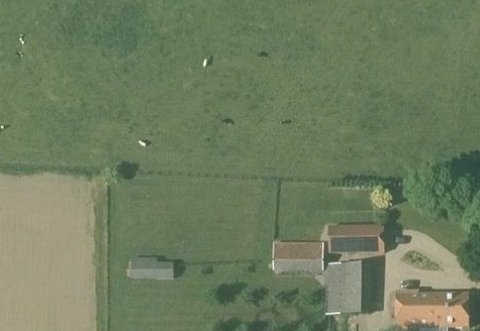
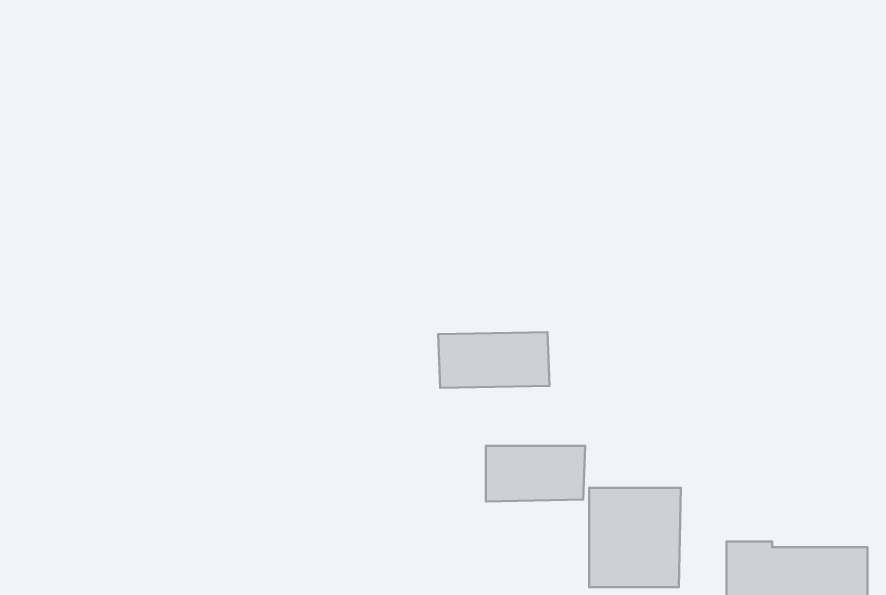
building: [327,225,384,253] -> [438,332,549,388]
building: [130,256,173,279] -> none

